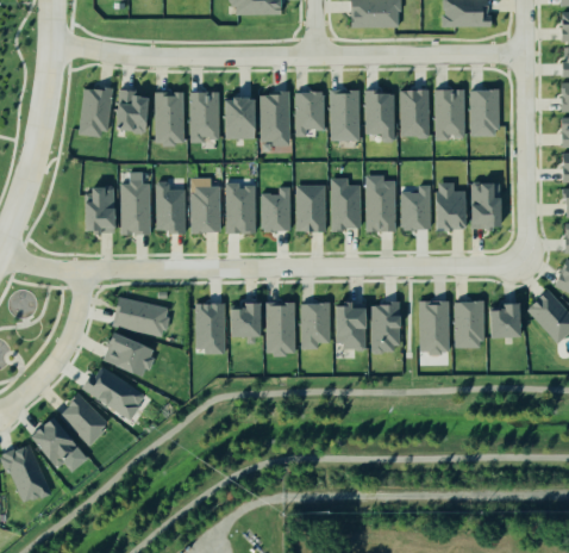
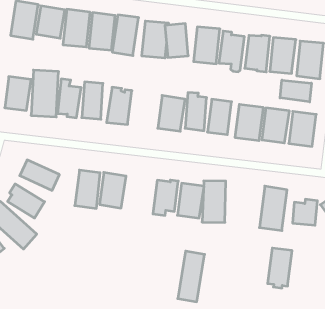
building: none -> [280,80,311,102]
building: [257,189,284,232] -> none
building: [421,302,449,354] -> [268,248,292,288]
building: [261,304,289,371] -> [178,251,205,302]

